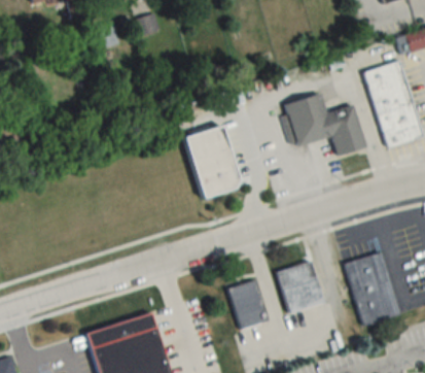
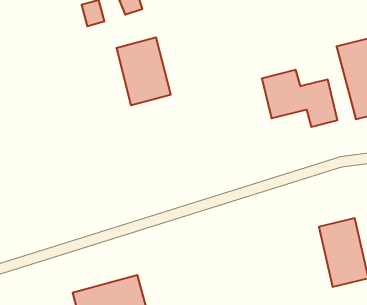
building: [183,125,241,197] -> [116,37,171,105]
building: [276,261,323,312] -> none
building: [226,278,268,329] -> none

